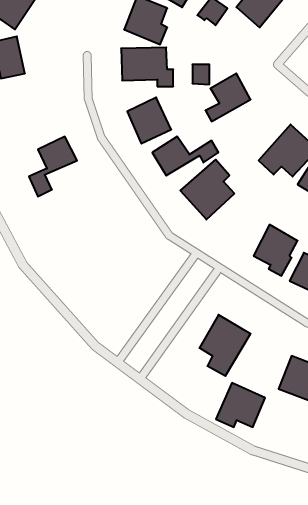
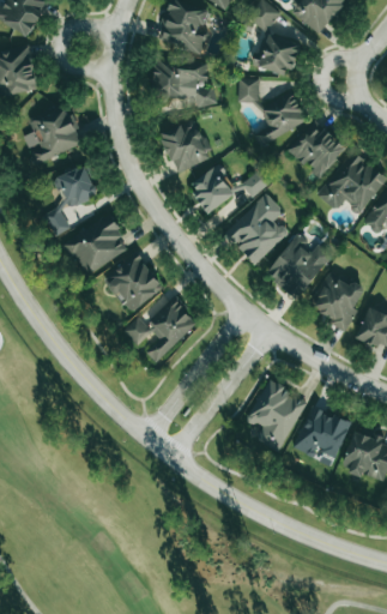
building: none -> [260,36,298,76]
building: none -> [23,104,83,165]
building: none -> [288,120,346,179]
building: none -> [66,217,131,277]
building: none -> [266,236,333,299]
building: none -> [105,255,164,314]
building: none -> [123,297,198,363]
building: [216,383,265,427] -> [292,405,351,458]

